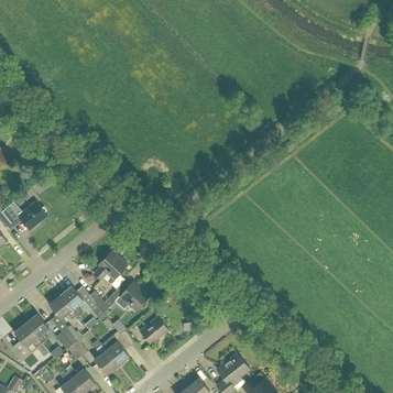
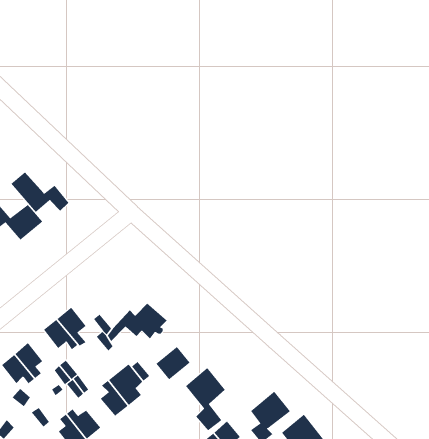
building: none -> [11,172,69,213]
building: [94,250,128,285] -> none
building: none -> [185,367,225,431]

